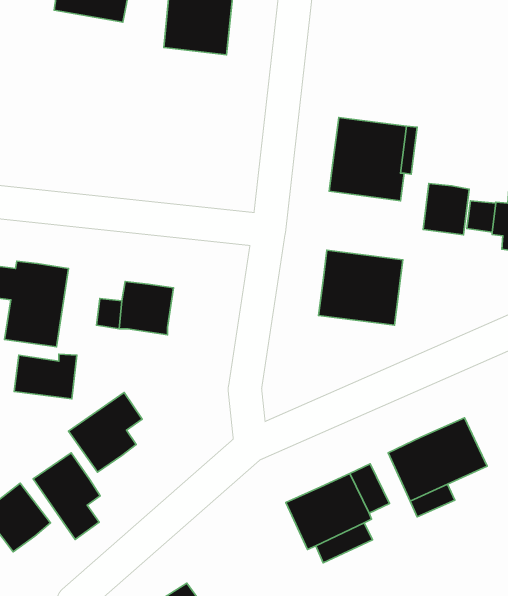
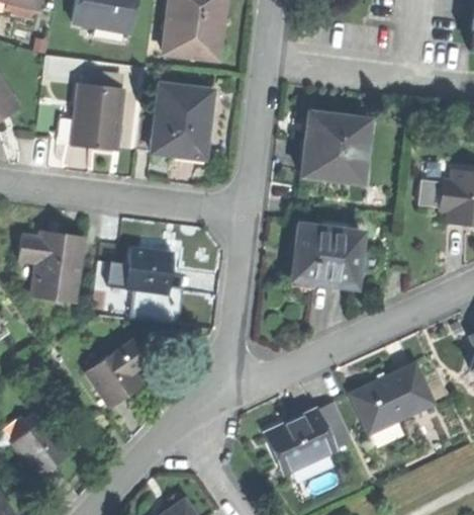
building: none -> [151,84,213,159]
building: none -> [72,85,121,150]
building: [423,184,469,235] -> none
building: [14,354,77,399] -> [129,287,182,325]
building: [33,453,100,539] -> none

